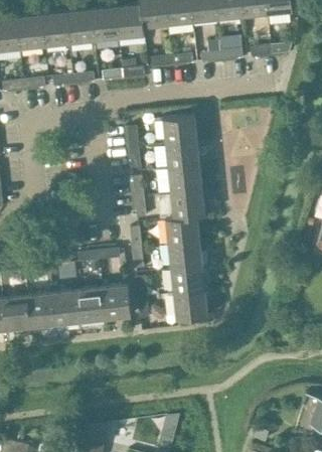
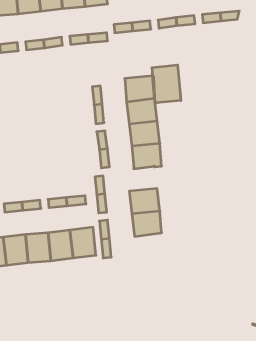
building: none -> [152,65,181,103]
building: [165,216,199,245] -> none
building: [174,291,207,320] -> none

